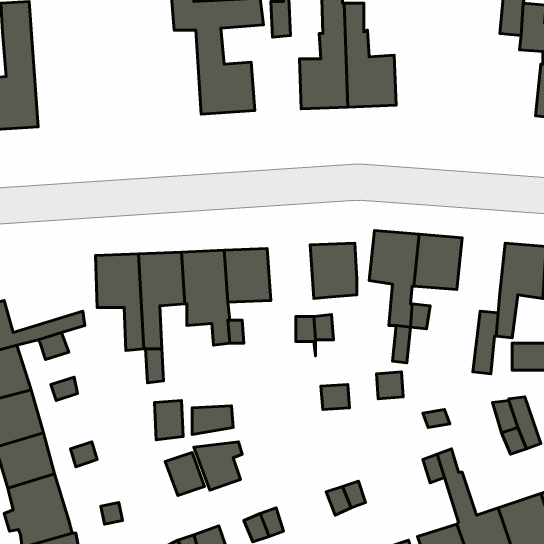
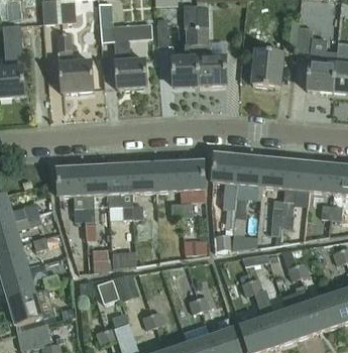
building: none -> [56,31,94,91]
building: none -> [250,47,283,86]
building: none -> [261,156,288,188]
building: none -> [154,160,181,192]

